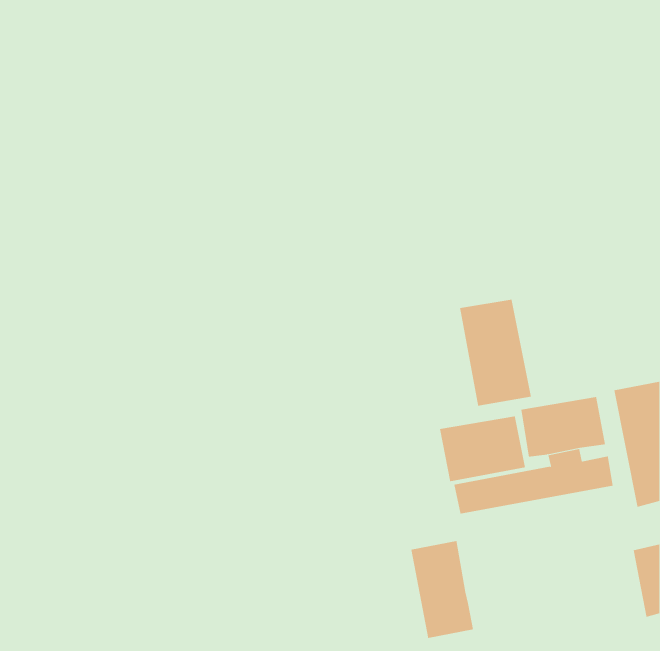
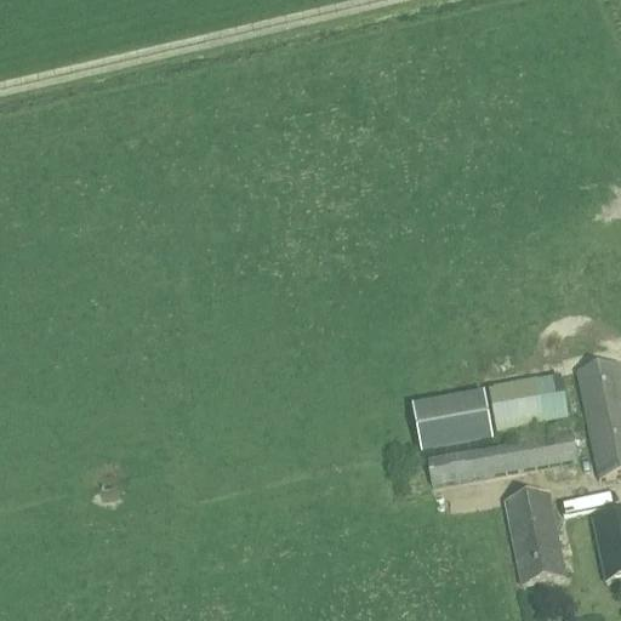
building: [460,299,531,407] -> none
building: [411,540,474,639] -> [506,489,565,581]

